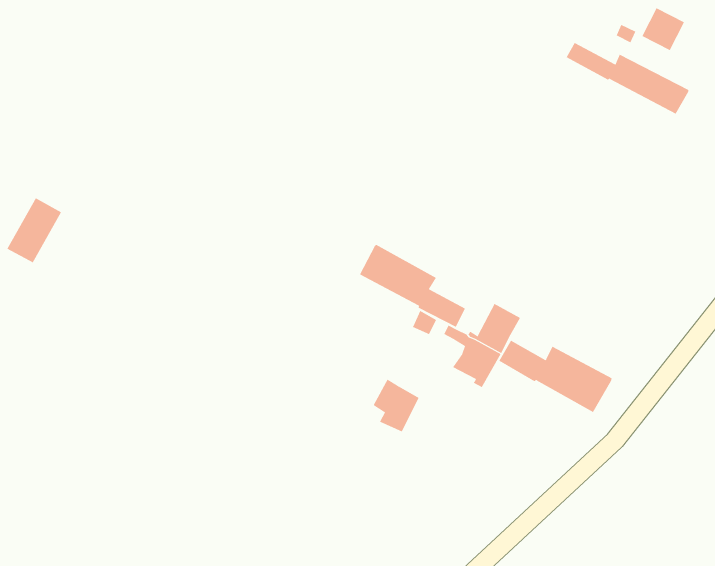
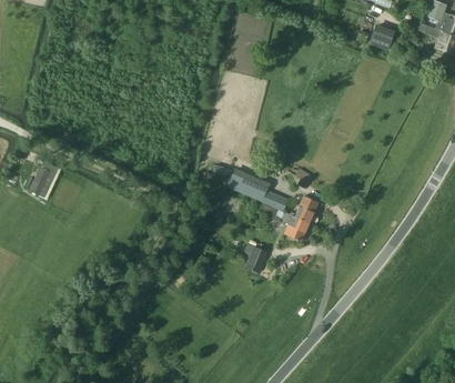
building: [566,42,689,115] -> none
building: [499,340,612,413] -> none

